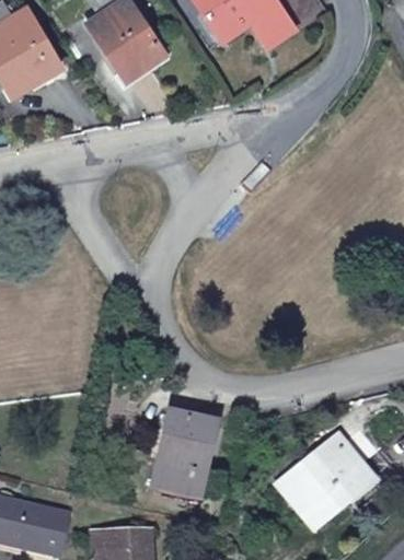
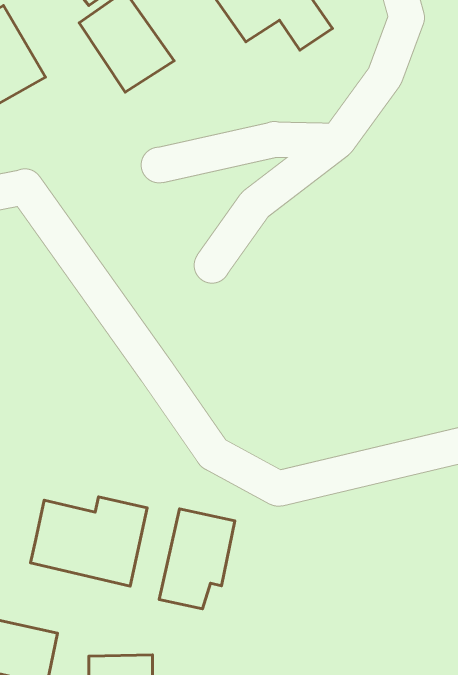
building: none -> [30,497,147,586]
building: [278,436,374,530] -> none

